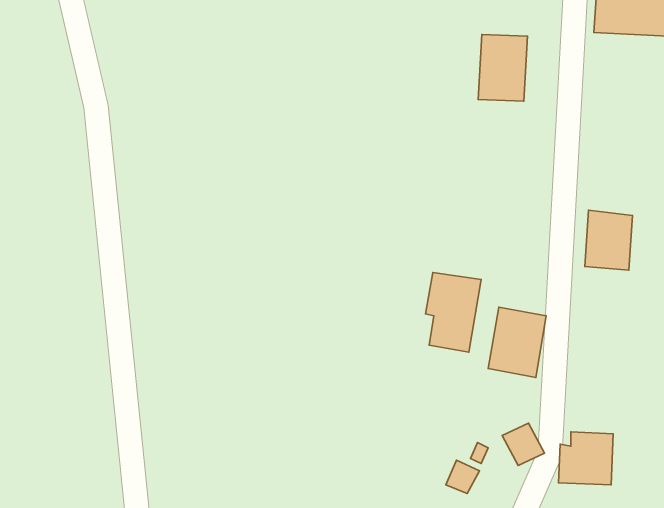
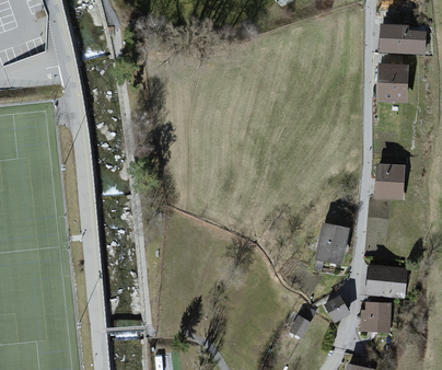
building: [478,34,527,101] -> [377,61,408,103]
building: [425,272,481,352] -> none
building: none -> [363,264,405,298]

